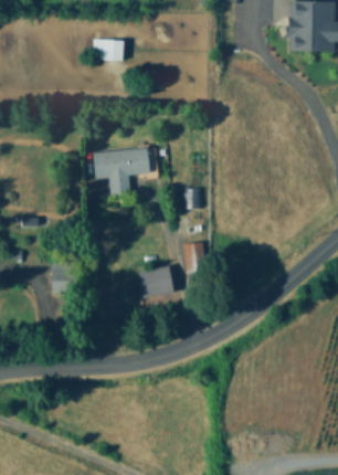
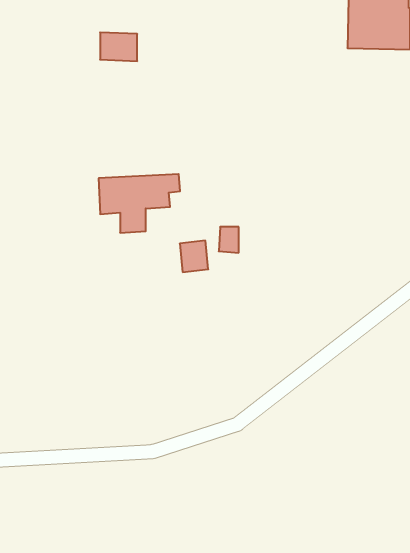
building: [184,242,207,266] -> [180,241,208,272]
building: [137,265,175,299] -> none

